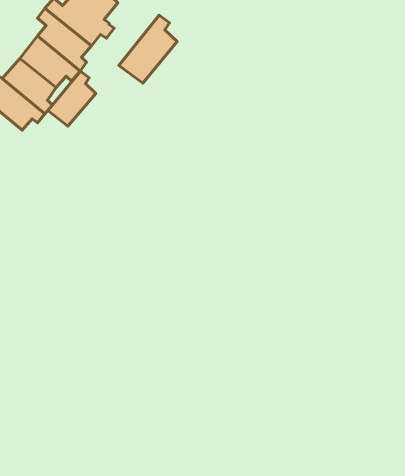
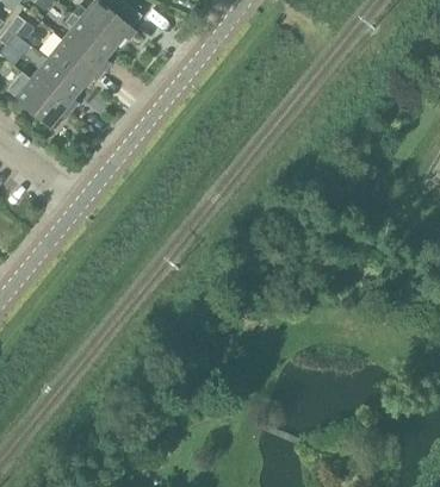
building: [119,15,177,83] -> none
building: [48,71,96,126] -> none

